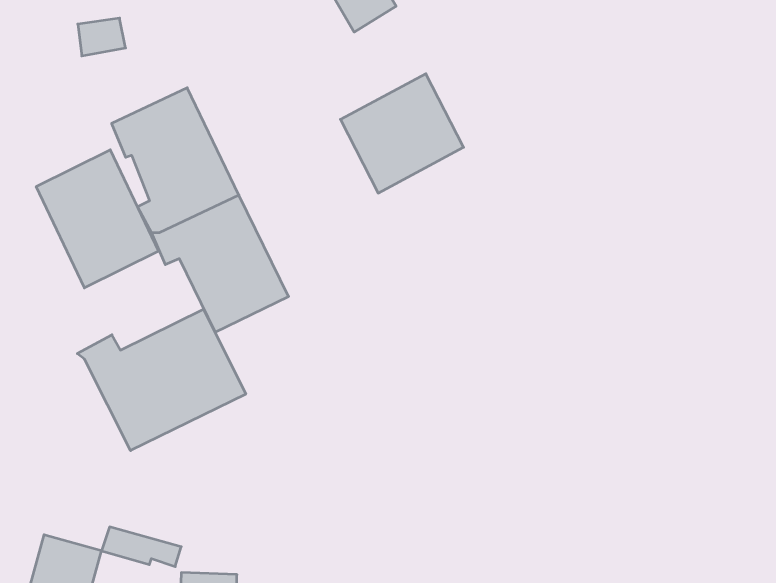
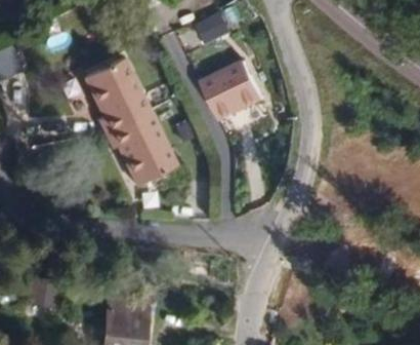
building: [36,150,158,288] -> none
building: [77,309,246,451] -> none

